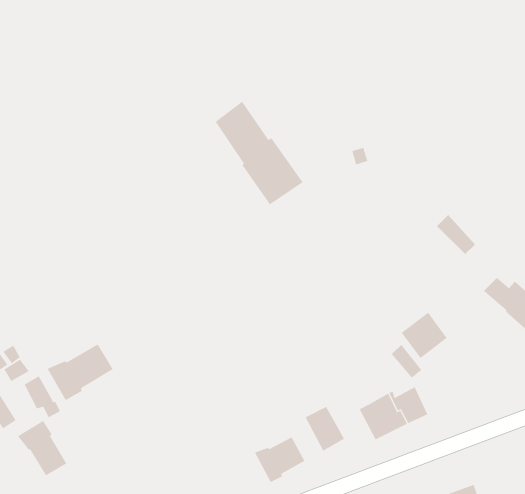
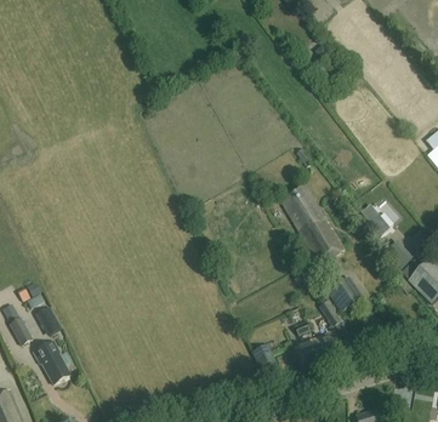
building: [215,101,303,205] -> [280,183,345,263]
building: [47,343,114,401] -> none
building: [254,436,305,483] -> none

